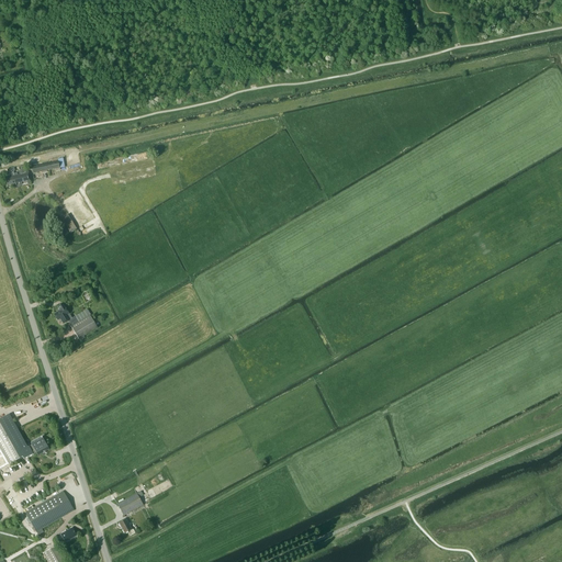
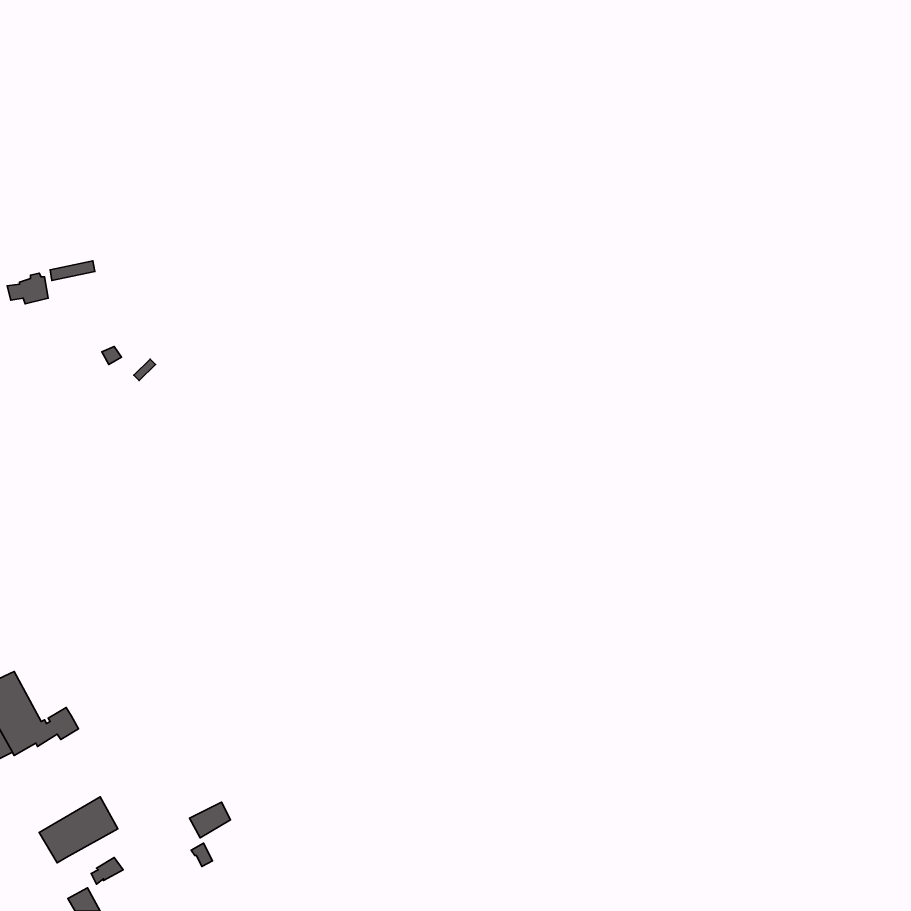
building: [53,303,97,338] -> none

